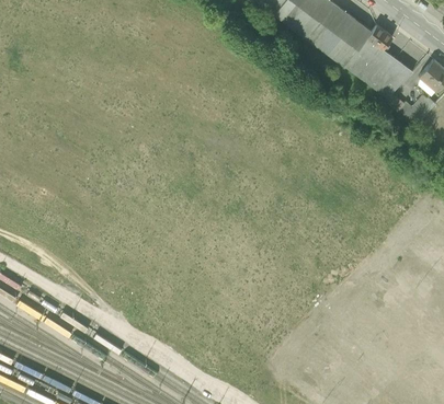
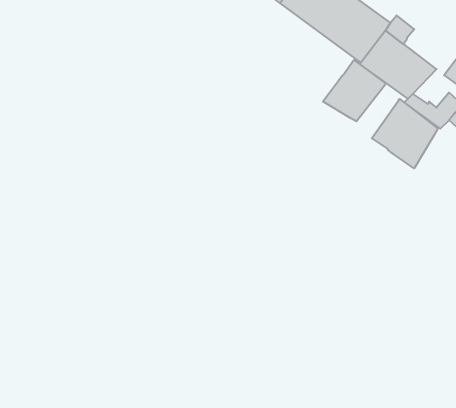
building: none -> [323,60,386,121]
building: none -> [372,99,438,168]

